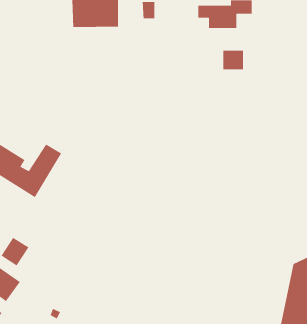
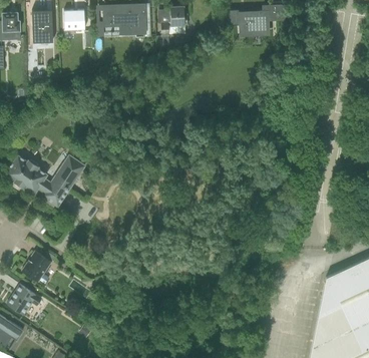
building: none -> [62,7,83,28]
building: none -> [30,10,52,31]
building: [222,50,244,70] -> none

